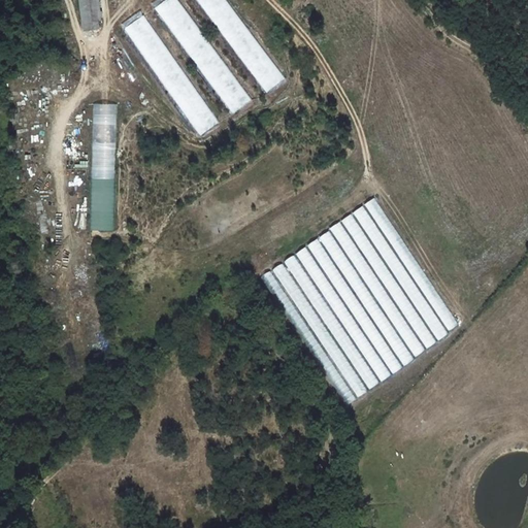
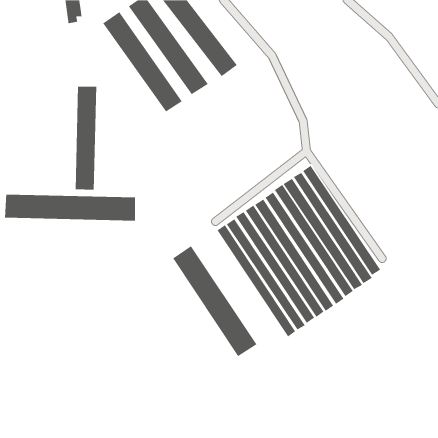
building: none -> [4,194,136,221]
building: none -> [172,245,257,357]

